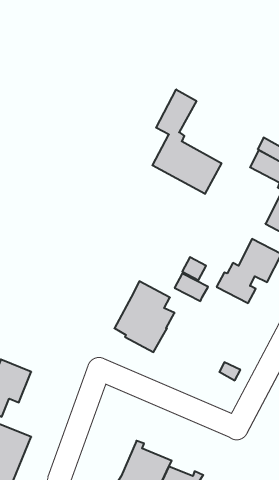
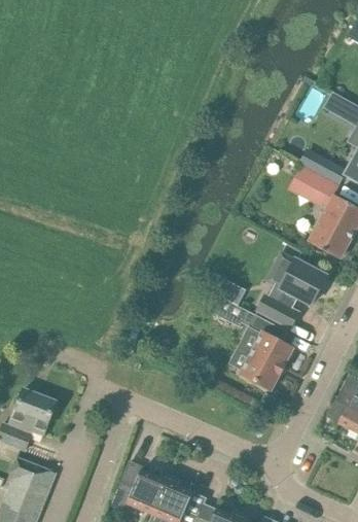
building: [152,89,221,194] -> none
building: [114,281,175,352] -> [228,315,293,391]
building: none -> [110,464,170,515]

